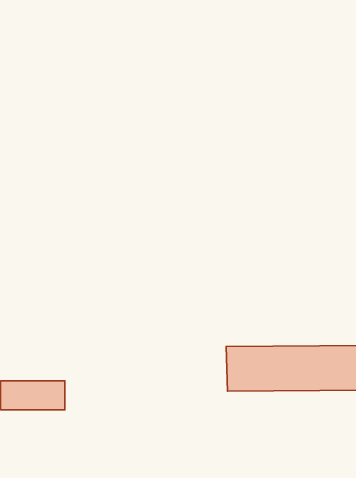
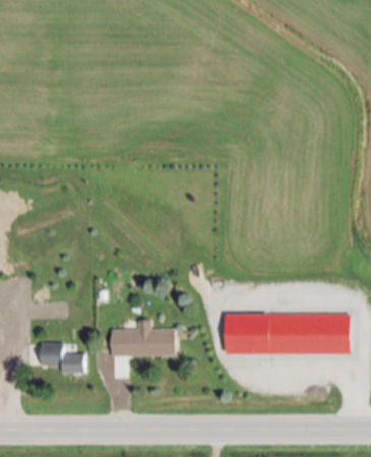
building: none -> [110,320,175,356]

